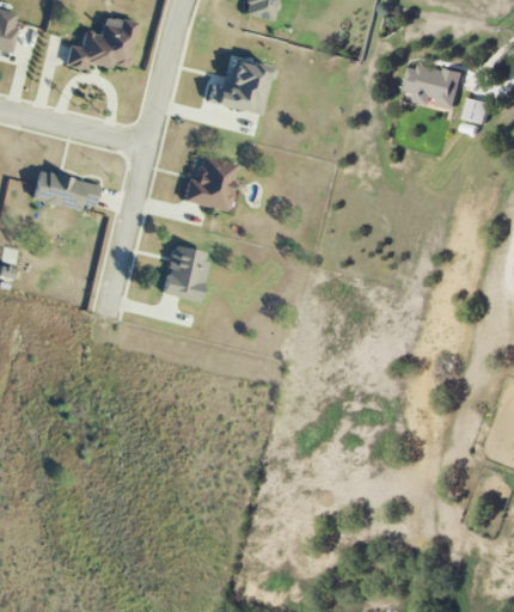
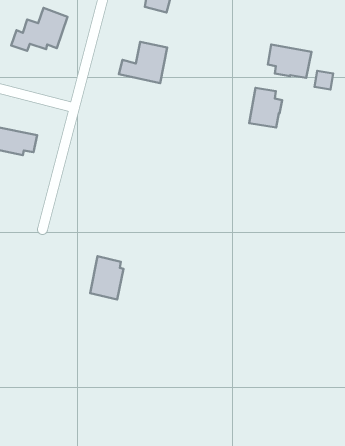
building: none -> [249,88,282,127]
building: [182,154,239,210] -> none
building: [163,244,207,301] -> [90,256,123,299]

